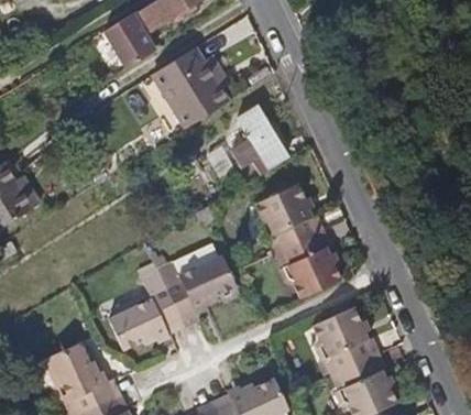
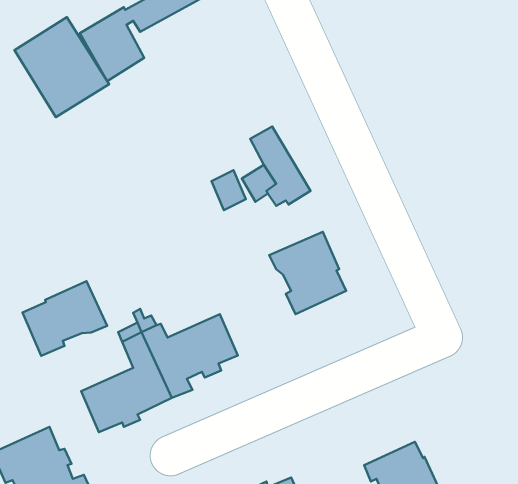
building: [155,46,231,127] -> [15,17,109,117]
building: none -> [23,281,107,356]
building: [277,237,342,304] -> none
building: [311,308,373,376] -> none

